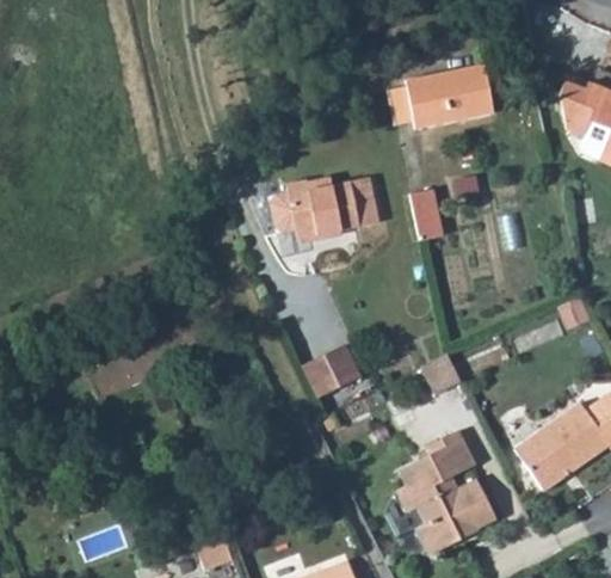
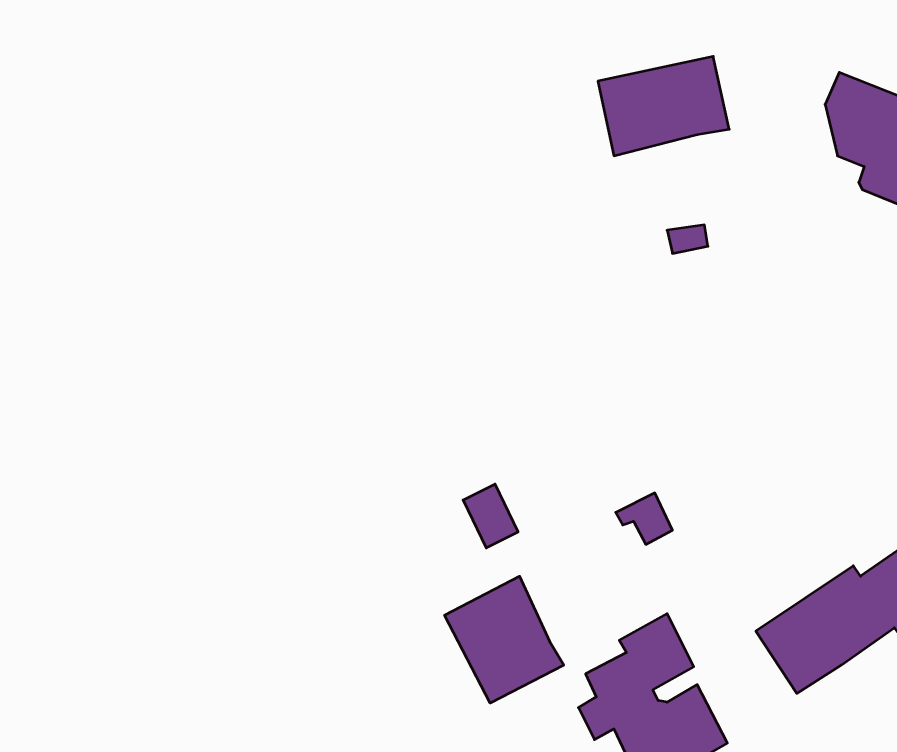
building: [269,176,378,239] -> none
building: [411,187,446,240] -> none
building: none -> [445,576,564,703]

